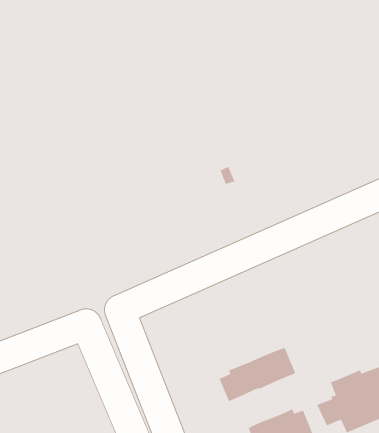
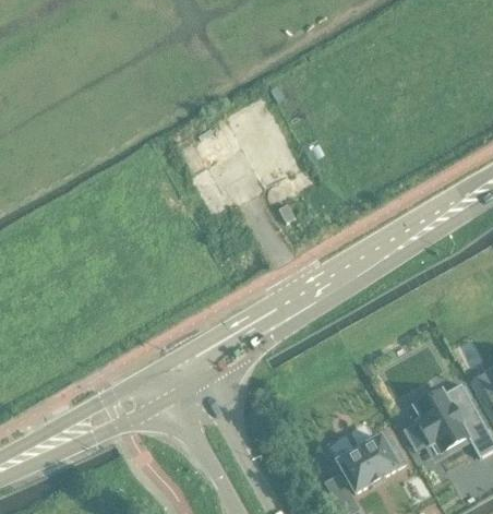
building: [218,347,296,402] -> none

